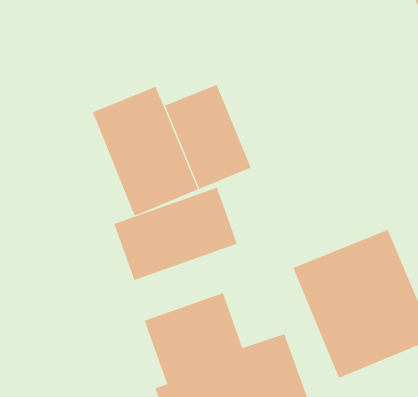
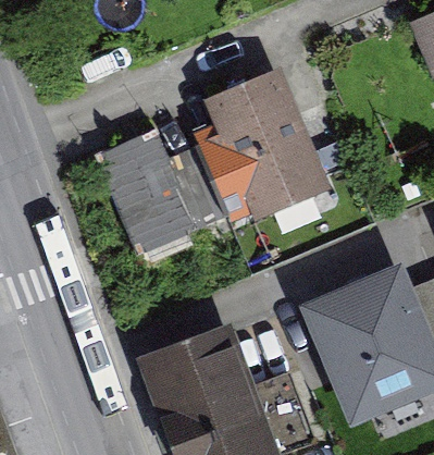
building: none -> [218,74,325,207]
building: [114,187,238,281] -> none

